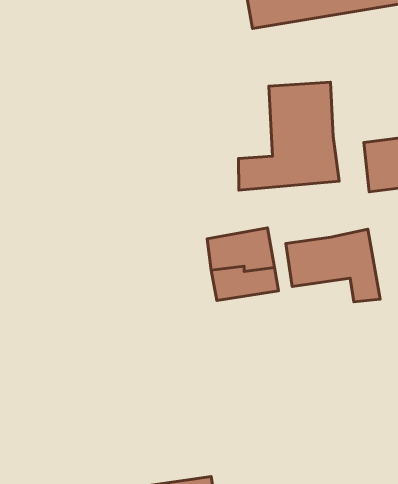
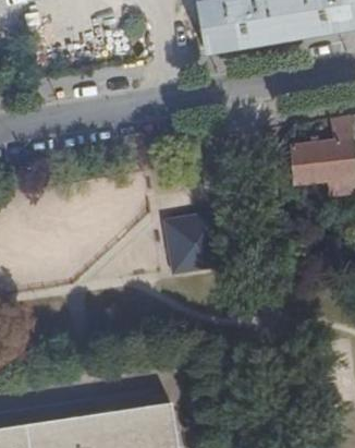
building: [238,82,339,190] -> none
building: [286,229,380,302] -> none

